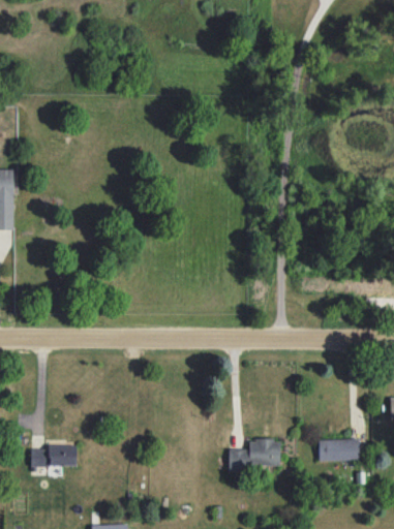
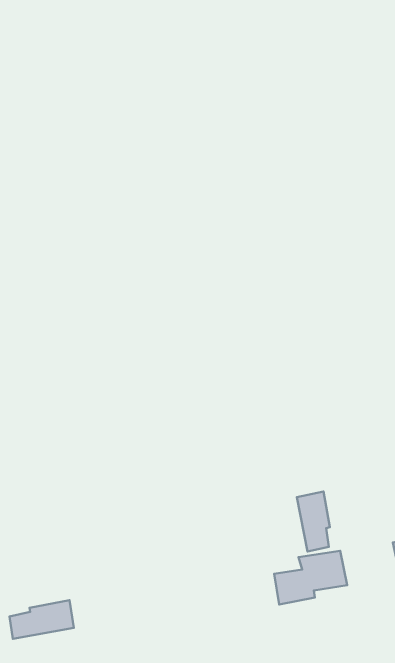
building: none -> [297,491,330,551]

